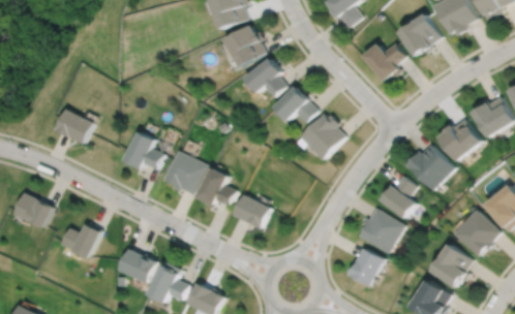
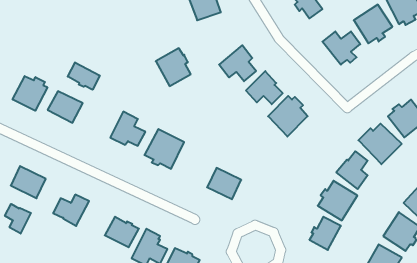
building: [226,23,266,65] -> [156,48,191,86]
building: none -> [68,62,100,90]
building: none -> [13,76,47,111]
building: [198,166,236,208] -> none
building: none -> [5,204,31,234]

